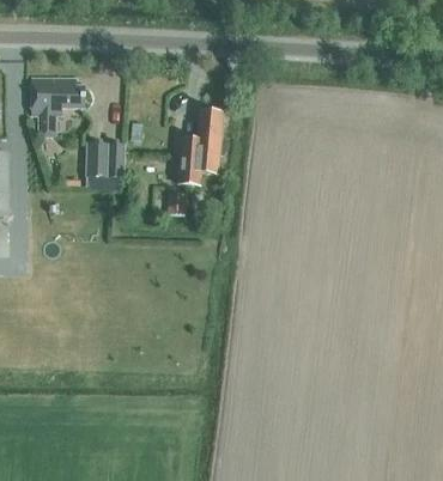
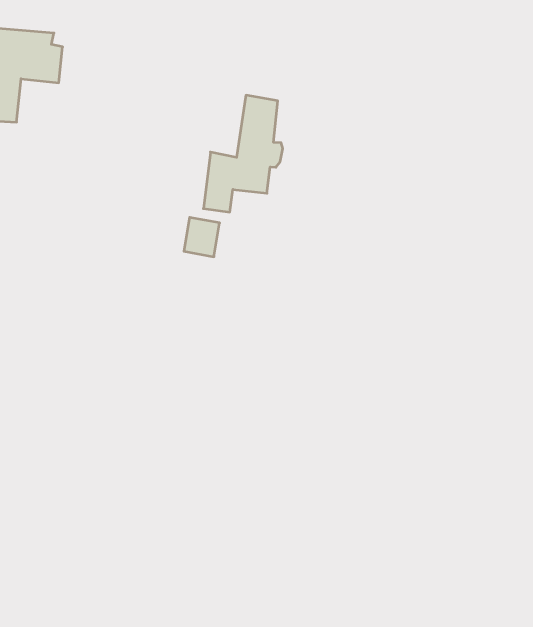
building: [86,139,126,176] -> none

